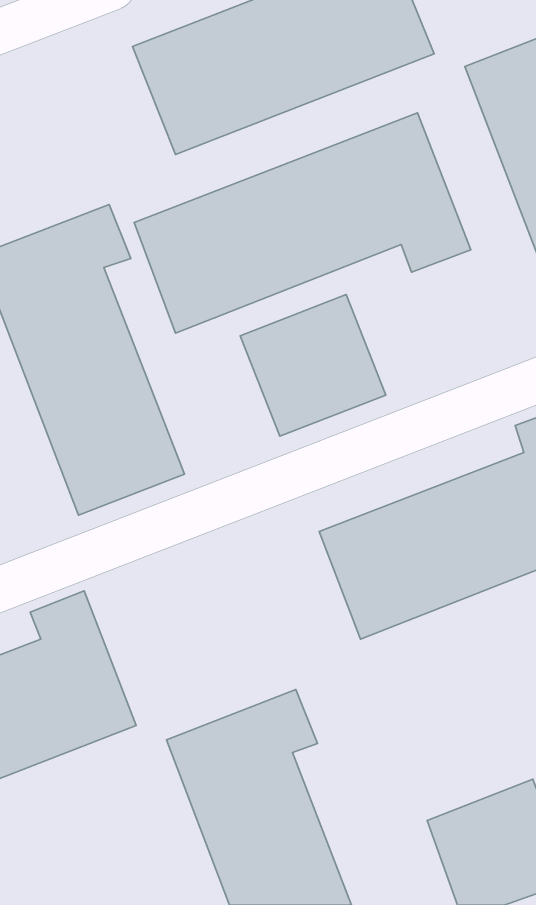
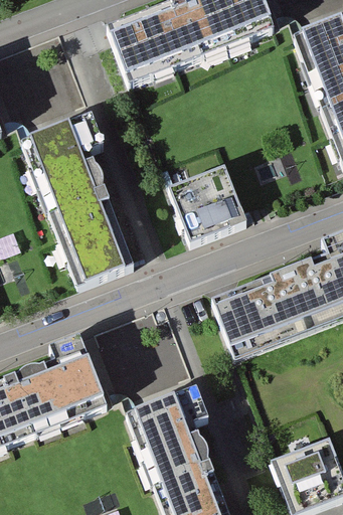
building: [134,113,471,333] -> none

